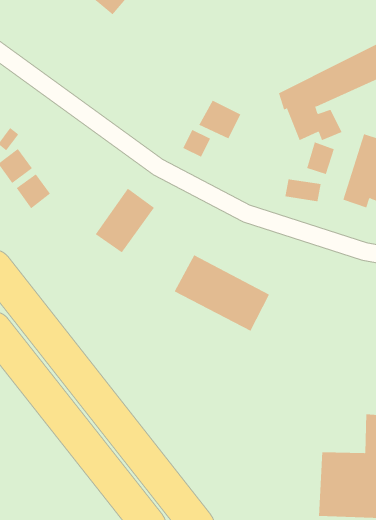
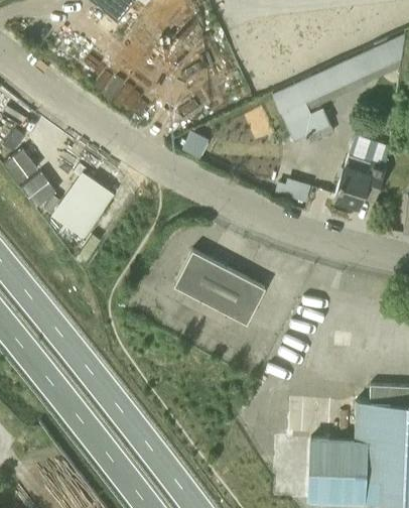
building: [199,100,241,139] -> none
building: [306,142,334,175] -> none
building: [95,188,155,253] -> [56,175,114,238]

